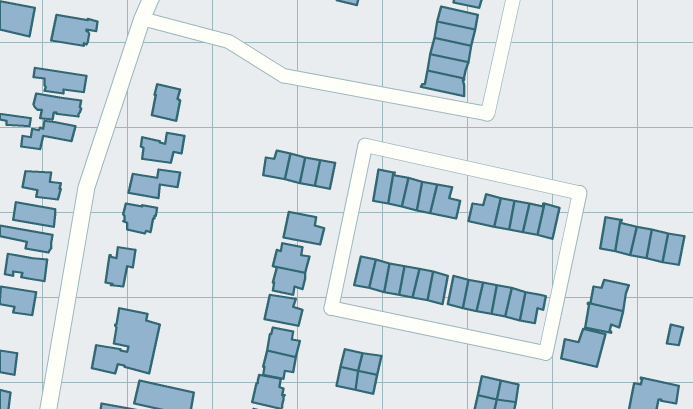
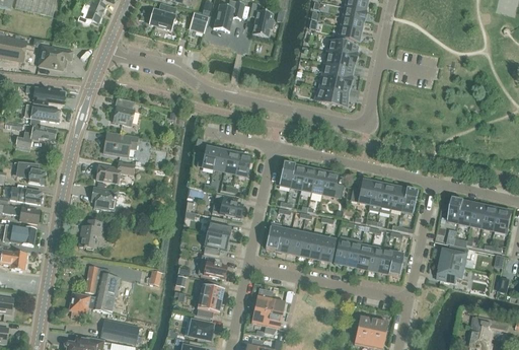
building: [561,329,605,367] -> none

